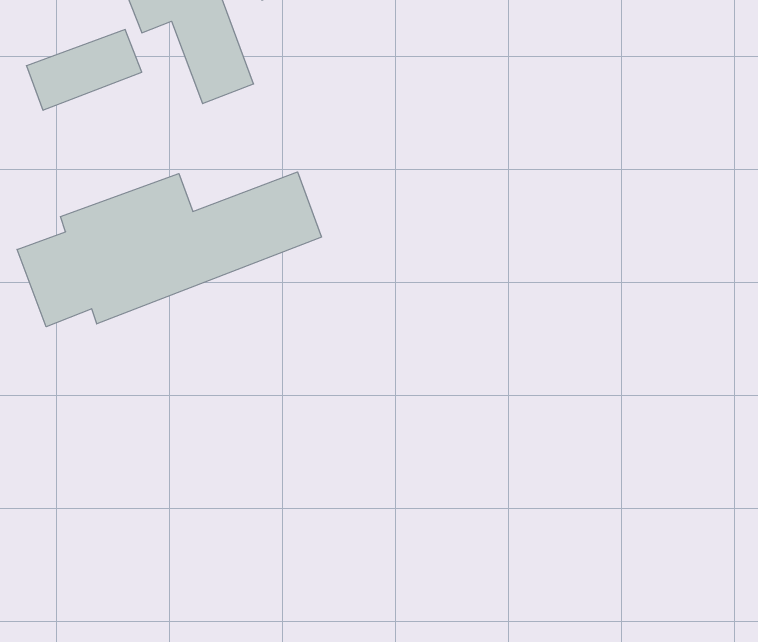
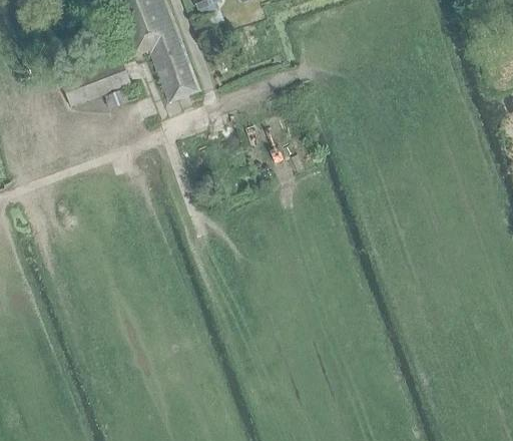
building: [17,172,322,327] -> none

